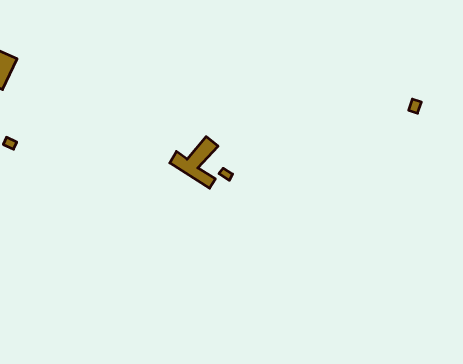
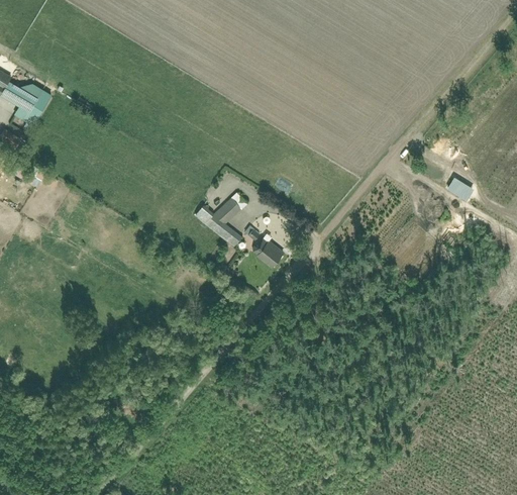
building: none -> [254,240,284,270]

